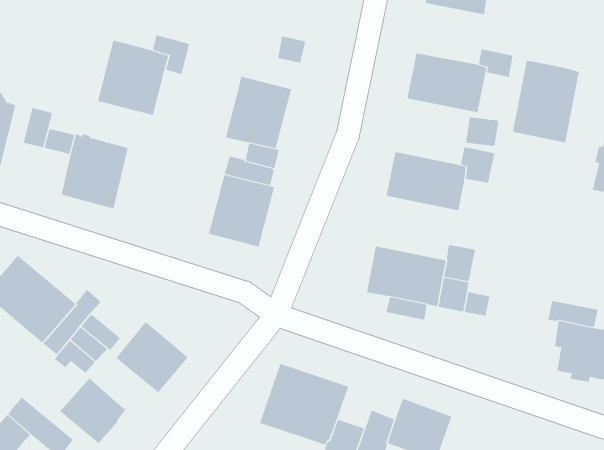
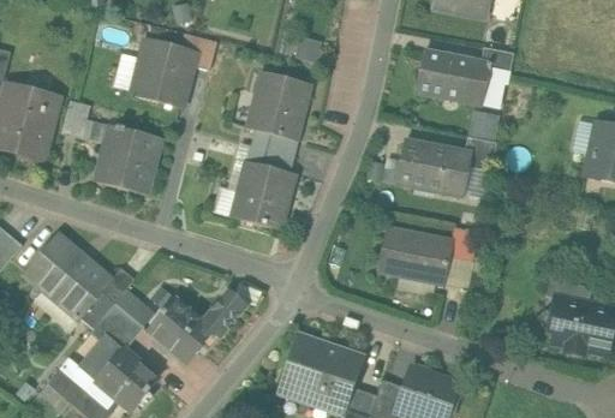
building: [511,59,579,144] -> none
building: none -> [203,291,244,336]
building: none -> [79,334,123,380]

